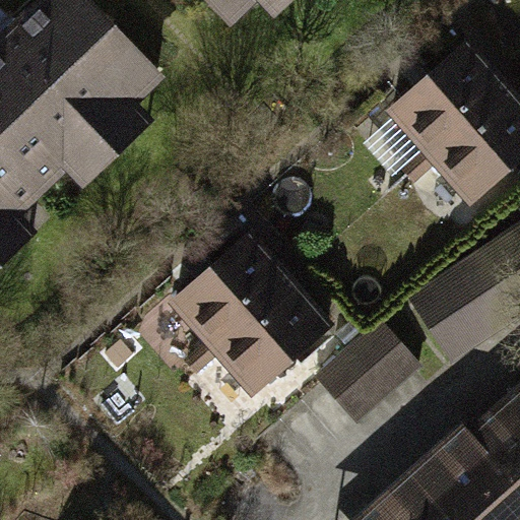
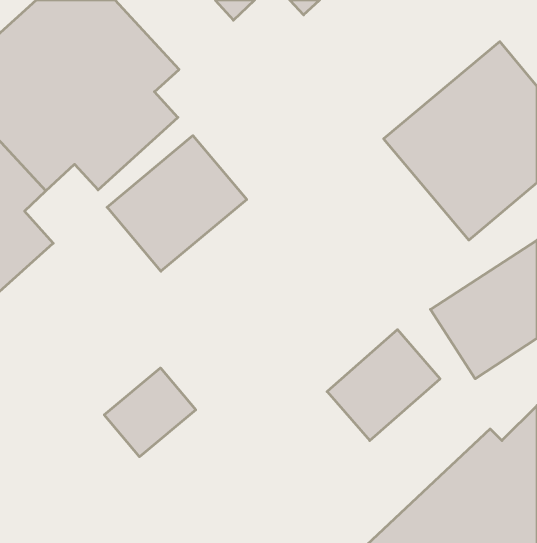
building: none -> [107,136,247,271]
building: [147,225,341,416] -> none
building: none -> [104,368,196,457]

